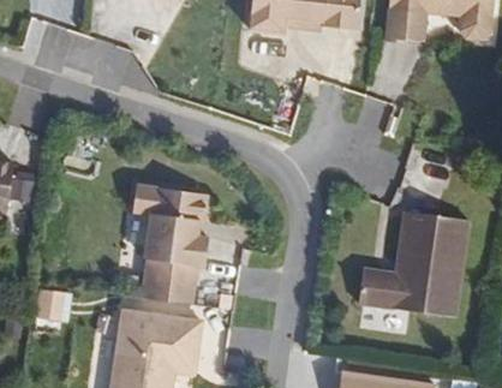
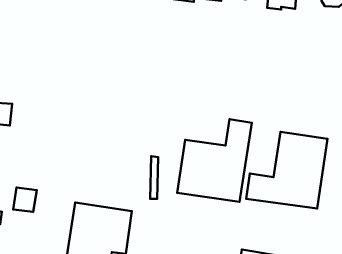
building: [124,183,199,304] -> none
building: none -> [177,119,252,202]

